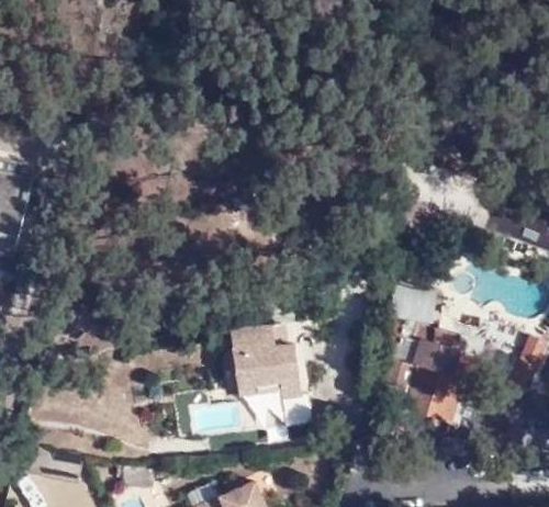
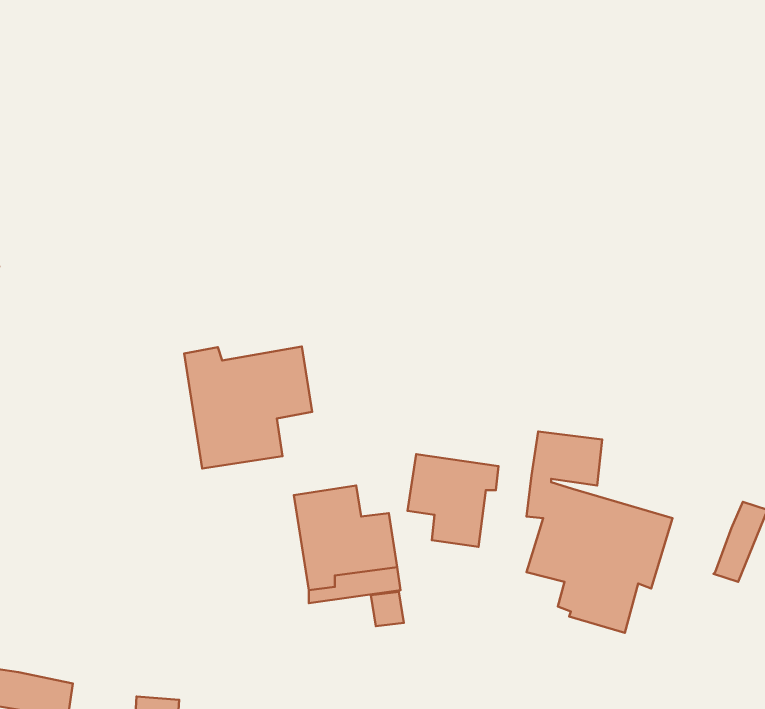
building: none -> [184,346,312,468]
building: none -> [408,454,499,547]

